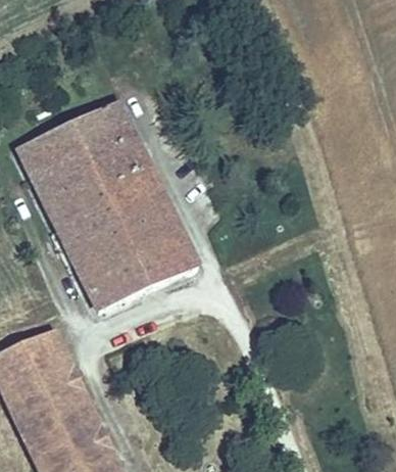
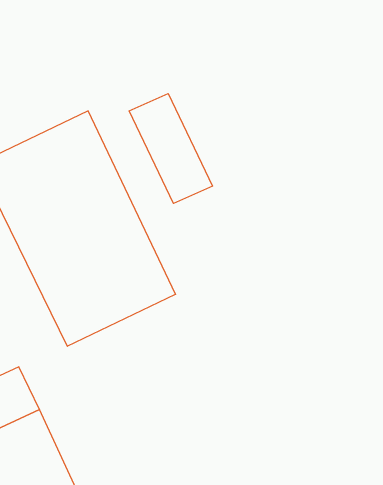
building: none -> [129,94,212,203]

